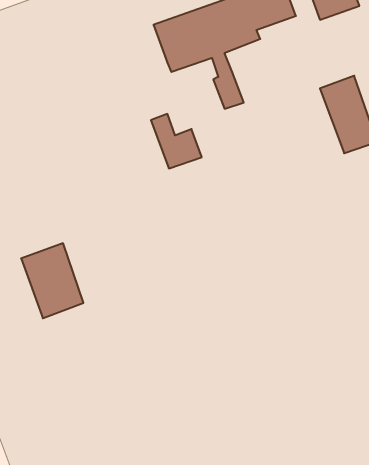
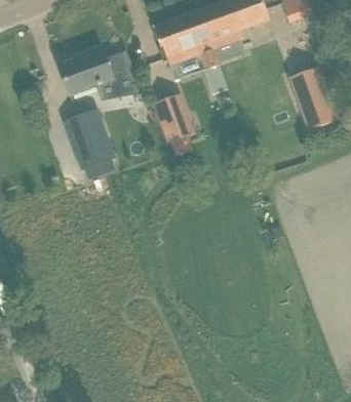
building: none -> [60,45,142,95]
building: [21,243,83,318] -> [64,108,114,168]

